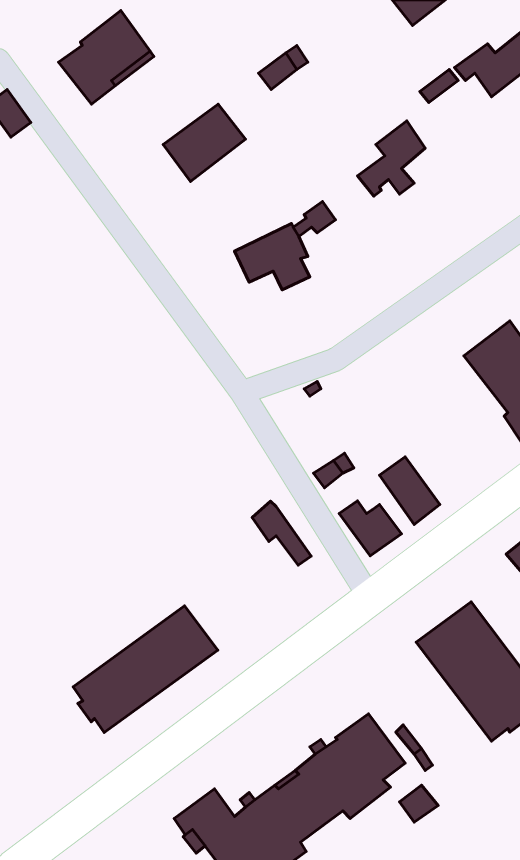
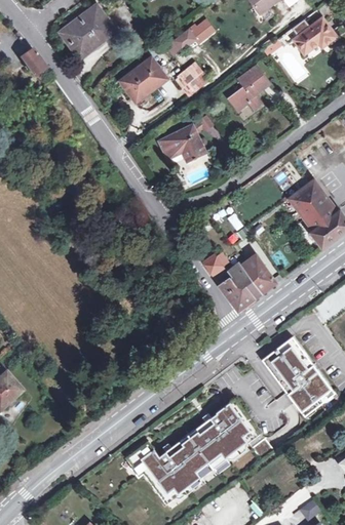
building: none -> [174,62,210,97]
building: [252,501,311,565] -> [228,262,261,298]
building: [73,606,218,732] -> none

